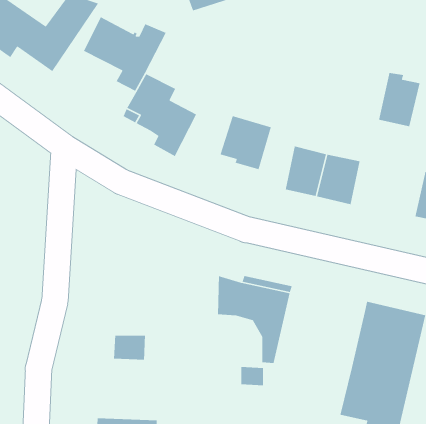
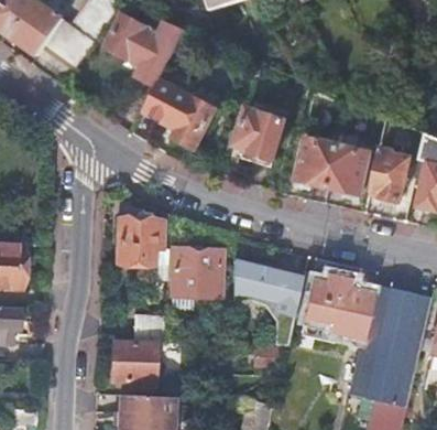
building: [378,72,420,127] -> [369,149,408,201]
building: none -> [116,221,160,265]
building: none -> [172,249,220,298]
building: none -> [302,276,372,347]
building: none -> [111,343,156,389]

